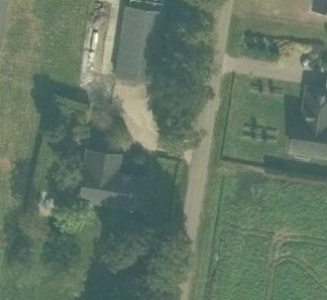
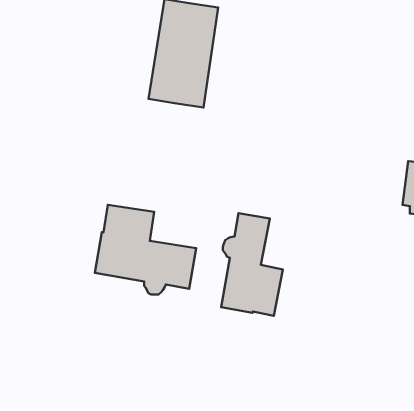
building: none -> [221,213,283,316]

